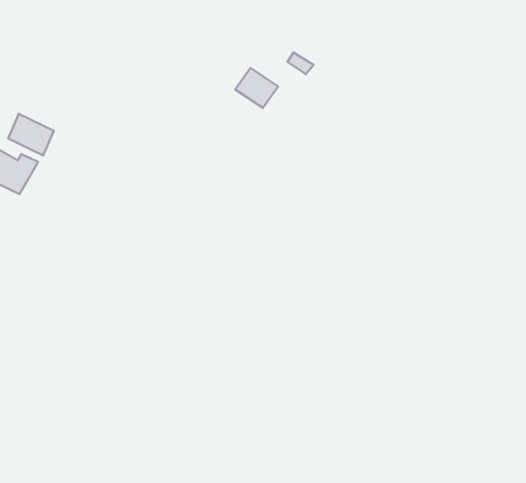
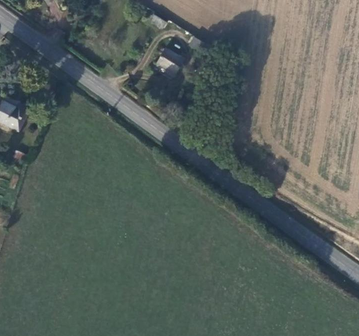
building: [8,114,54,155] -> none

